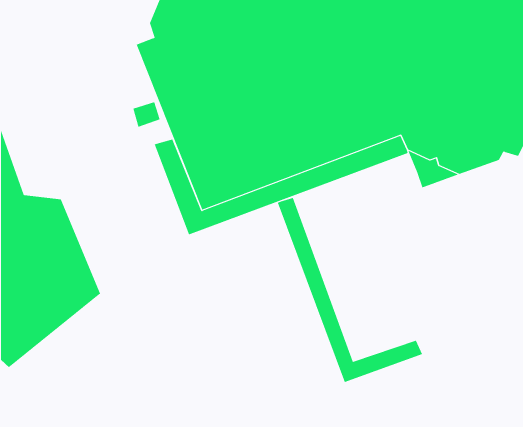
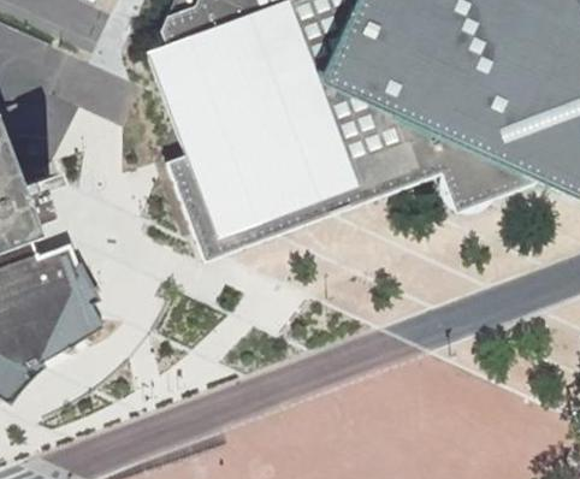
building: [277,197,423,383] -> none

